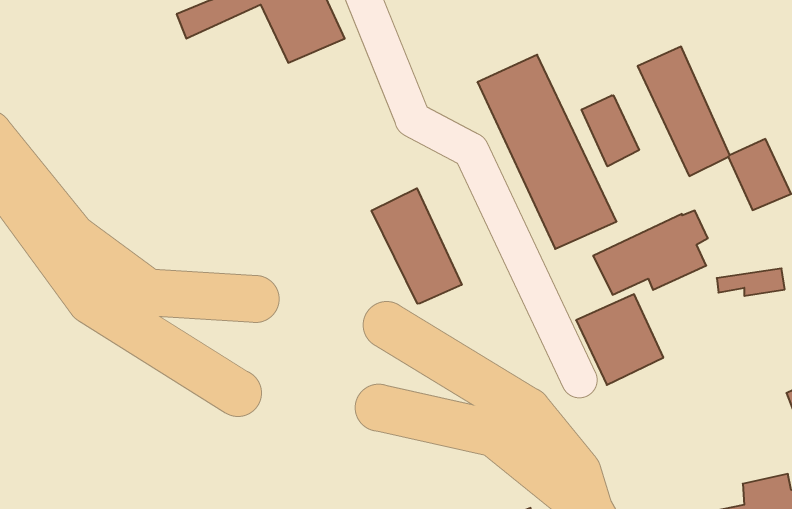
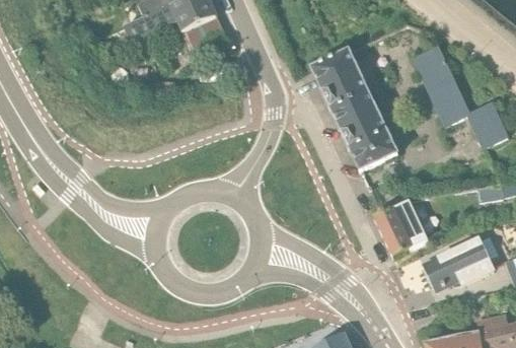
building: [582,95,639,166] -> none
building: [372,188,462,304] -> none
building: [593,211,708,295] -> [425,237,497,290]

